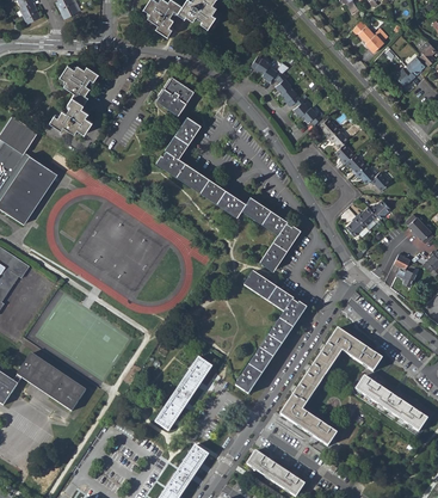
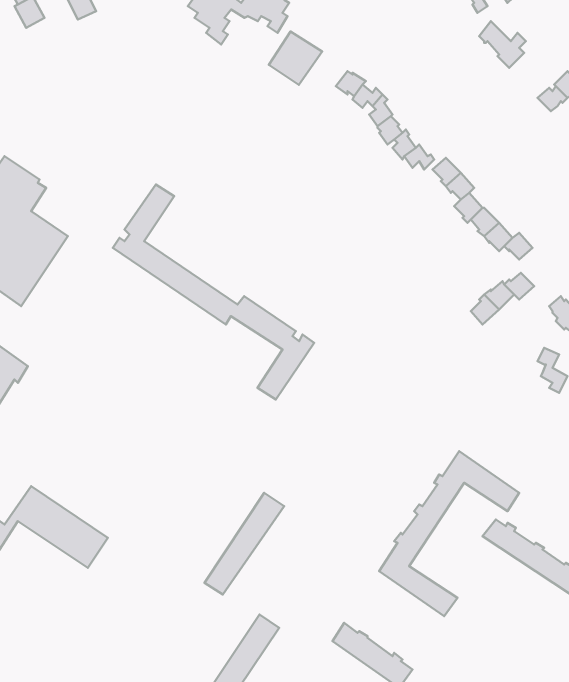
building: [50,64,98,133] -> none
building: [156,75,195,113] -> [269,31,322,85]
building: [156,116,301,270] -> [113,184,314,399]
building: [234,271,307,394] -> none

